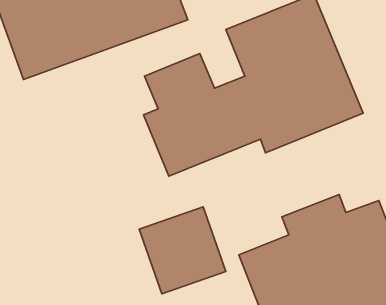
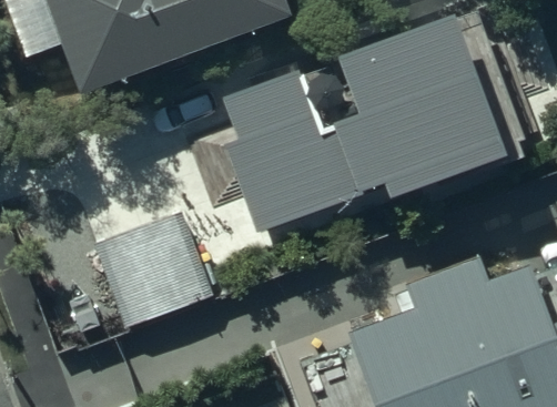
building: [139,207,226,294] -> [100,227,211,339]

